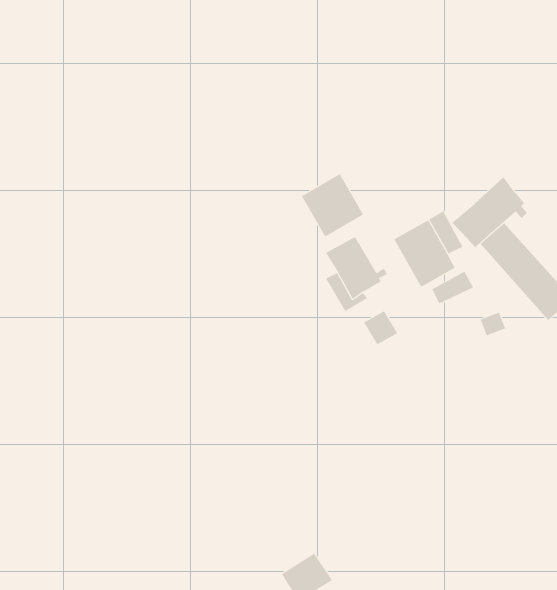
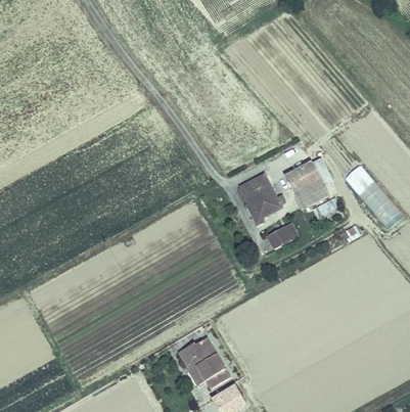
building: [301,173,364,237] -> none
building: [452,177,528,248] -> none
building: none -> [181,338,228,386]

